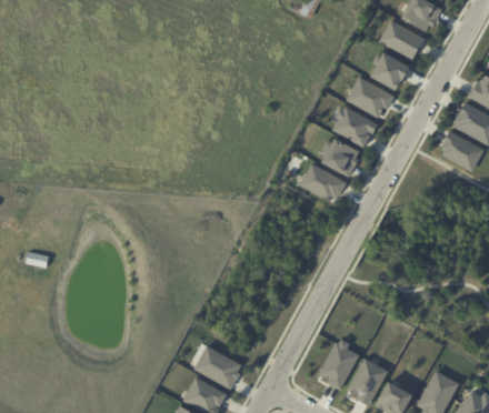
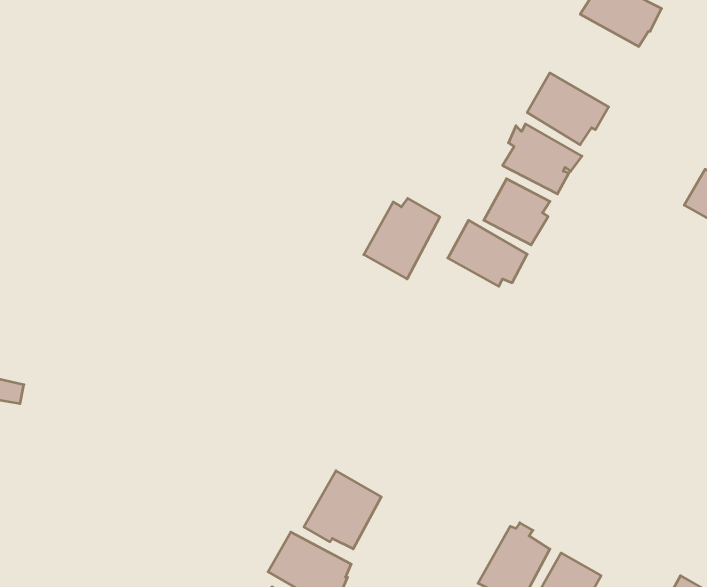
building: [369,51,408,89] -> none
building: none -> [364,198,440,279]
building: none -> [304,471,381,549]

